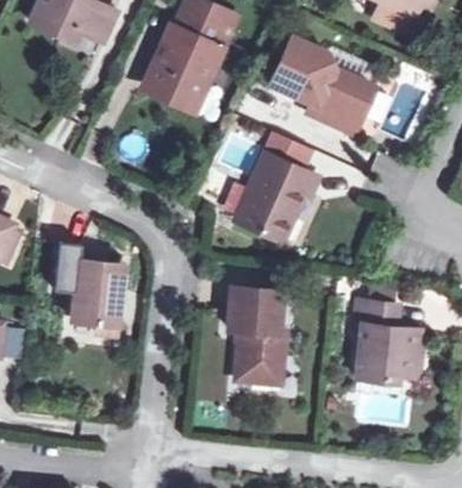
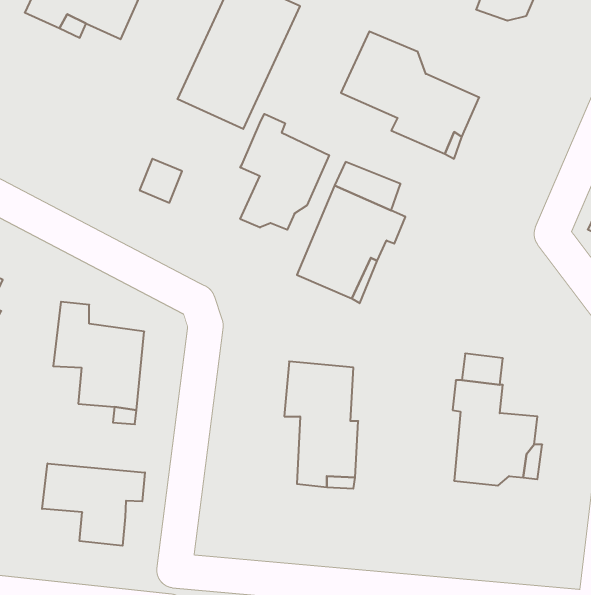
building: none -> [240,114,329,230]
building: none -> [42,463,145,546]

